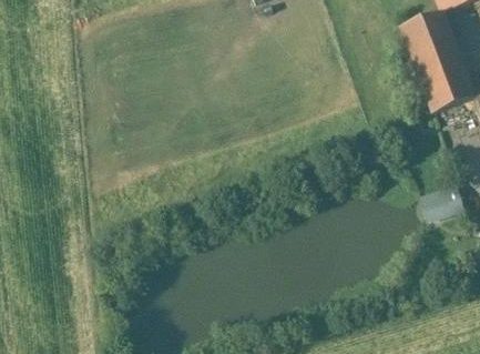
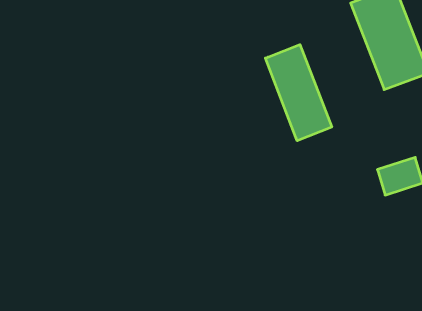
building: none -> [265,45,332,141]

